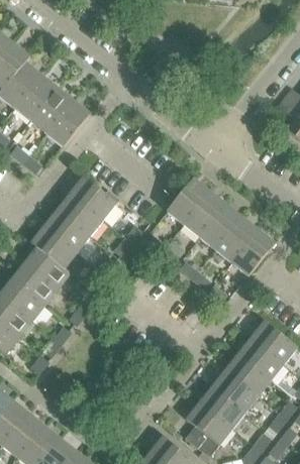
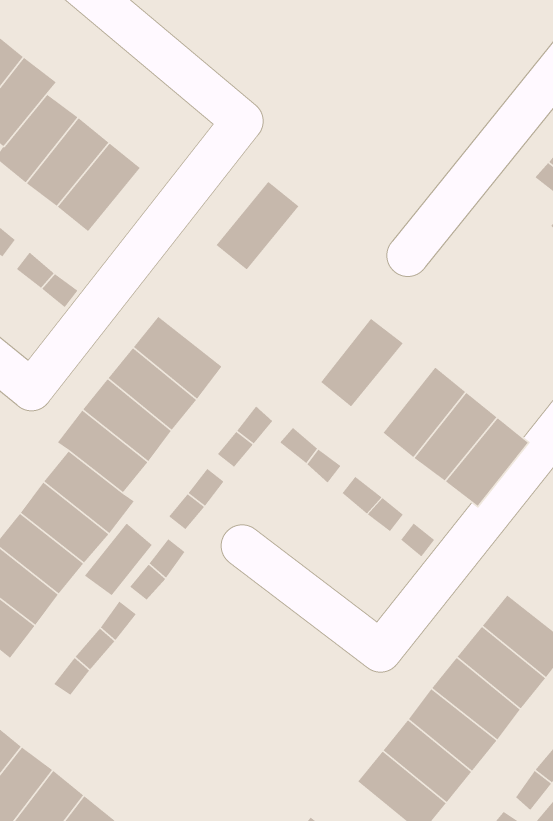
building: [46,100,90,146] -> [216,181,299,270]
building: [183,191,226,237] -> none
building: none -> [84,523,153,596]

